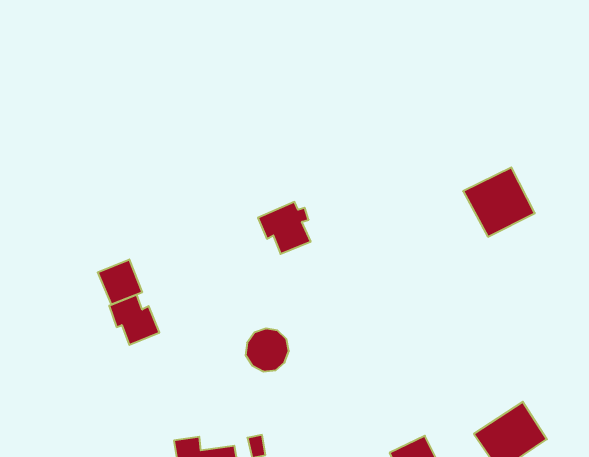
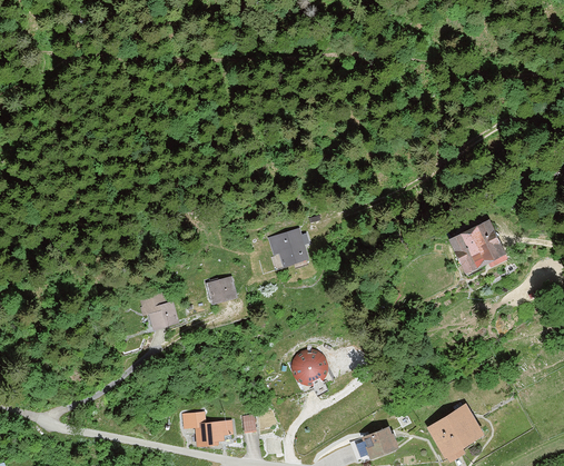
building: [98,259,142,304] -> none
building: none -> [207,275,237,305]
building: [246,329,289,371] -> [291,349,327,384]

